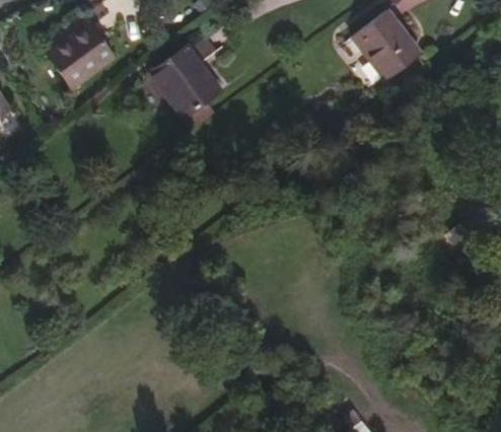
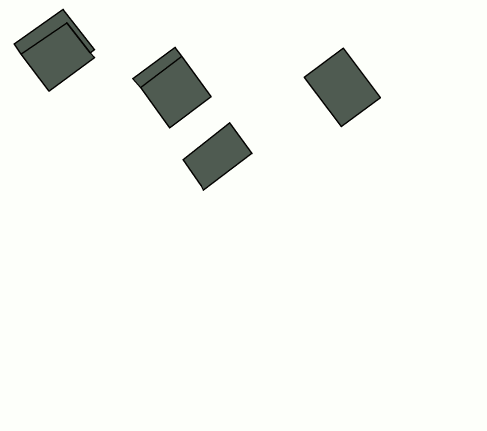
building: [355,14,424,85] -> [304,48,380,127]
building: none -> [183,123,252,190]

